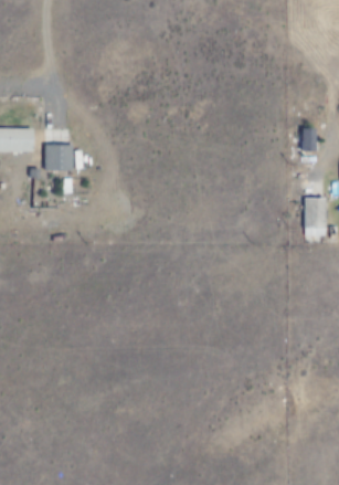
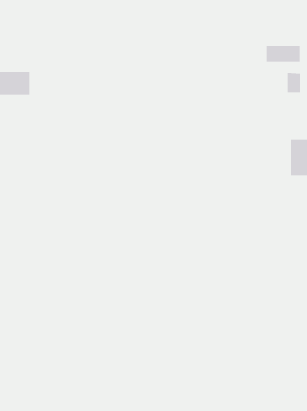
building: none -> [266,45,301,63]
building: [45,144,73,169] -> none

